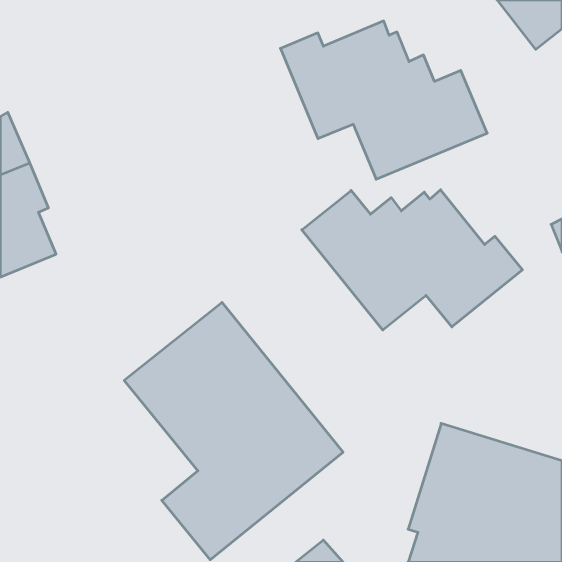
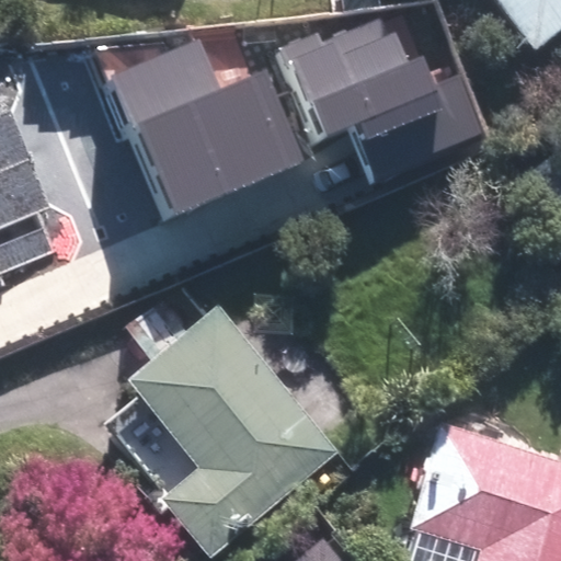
building: none -> [115,44,310,220]
building: [302,190,522,330] -> none

